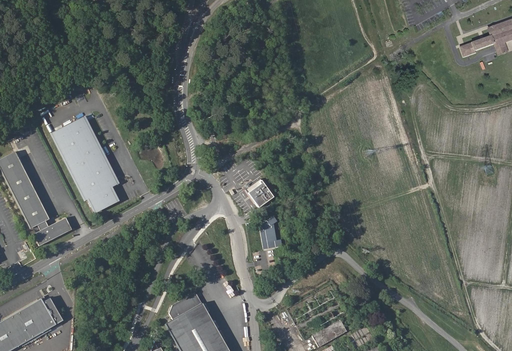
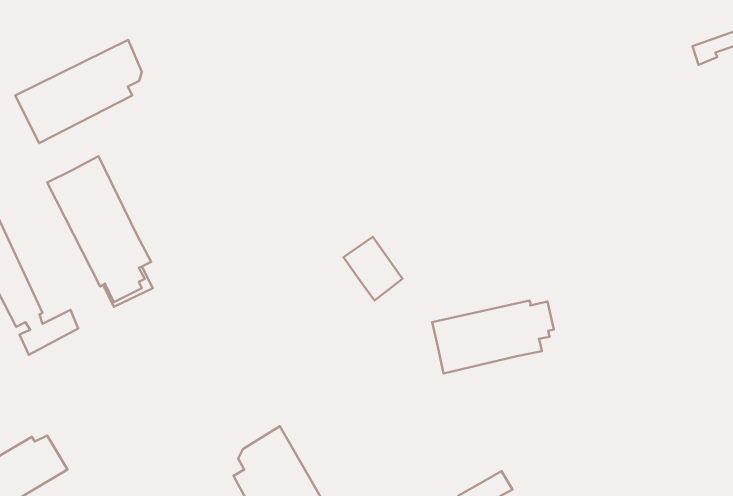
building: none -> [15,40,142,143]
building: none -> [432,300,554,374]
building: [263,215,285,248] -> none

